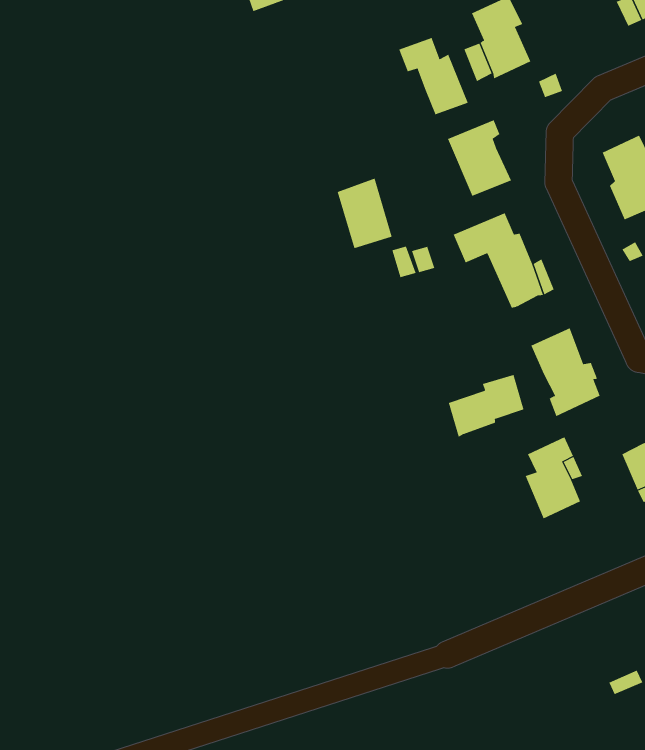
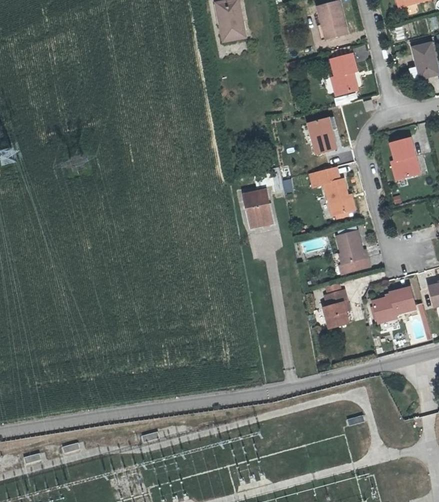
building: [398,37,469,115] -> none
building: [337,178,393,249] -> [244,189,269,224]
building: [448,374,524,438] -> none

